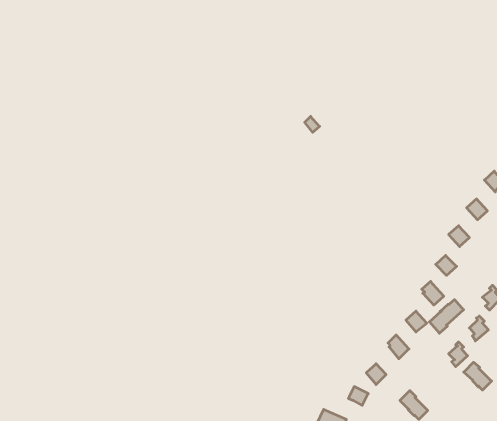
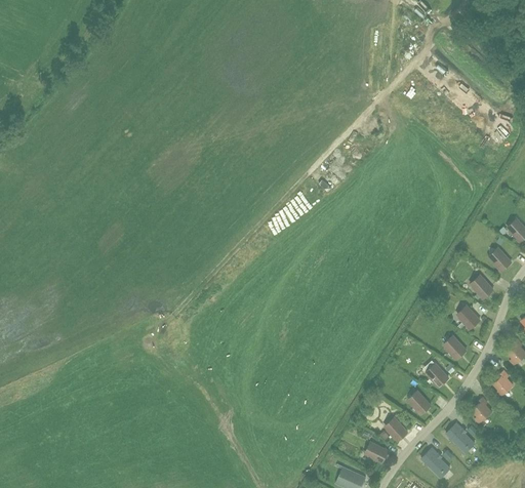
building: [429,300,464,333] -> none
building: [464,362,492,390] -> [446,422,475,451]

